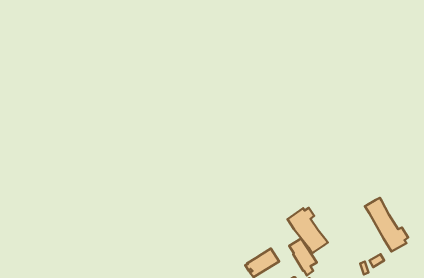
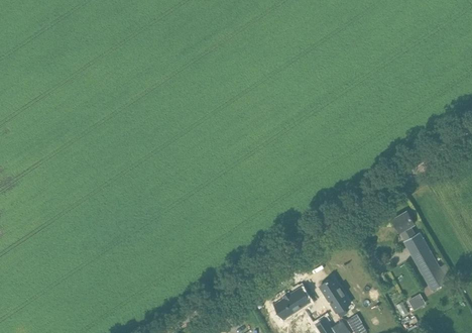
building: none -> [391,211,415,240]
building: [288,208,328,253] -> none

